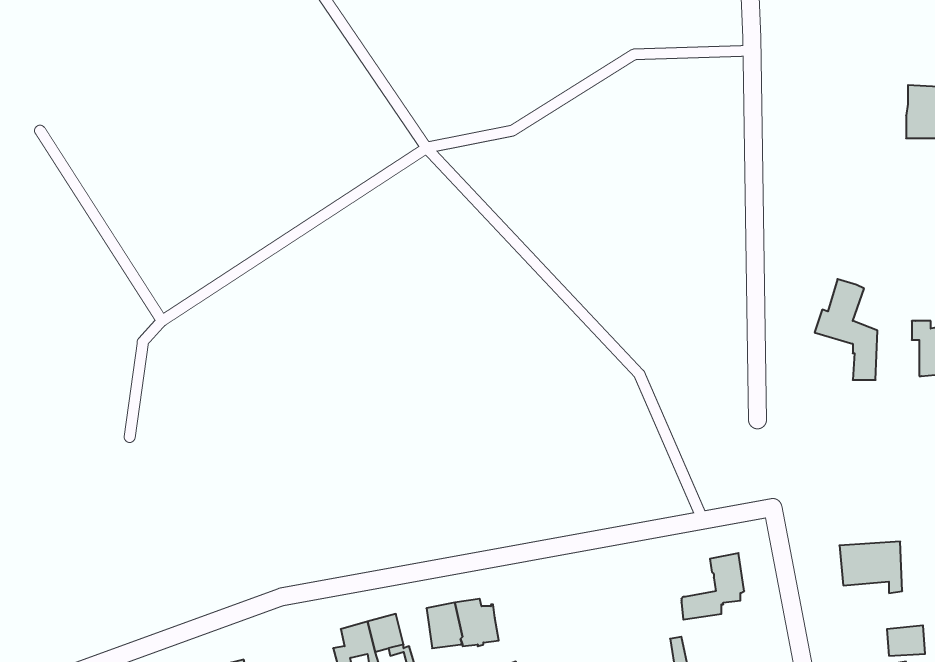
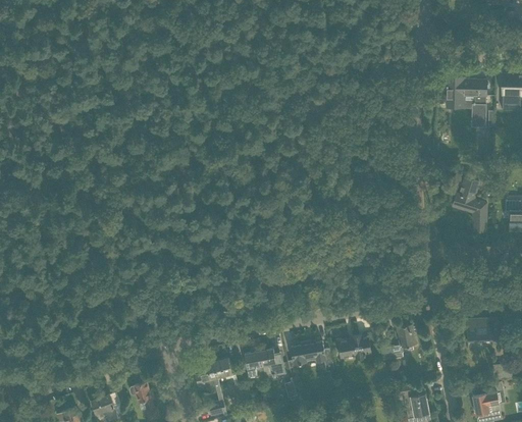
building: none -> [446,76,486,127]
building: none -> [338,335,371,359]
building: none -> [291,341,331,364]

